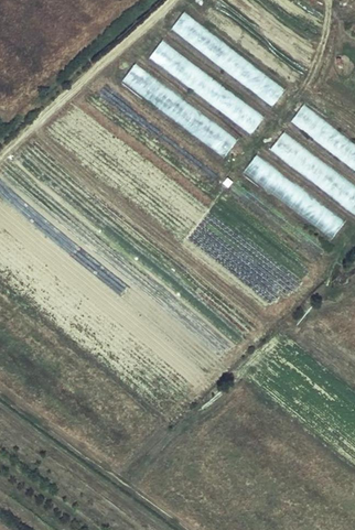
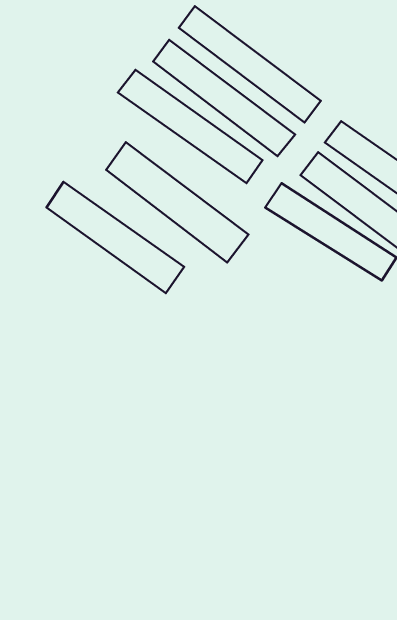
building: none -> [106,142,248,262]
building: none -> [46,182,184,293]

